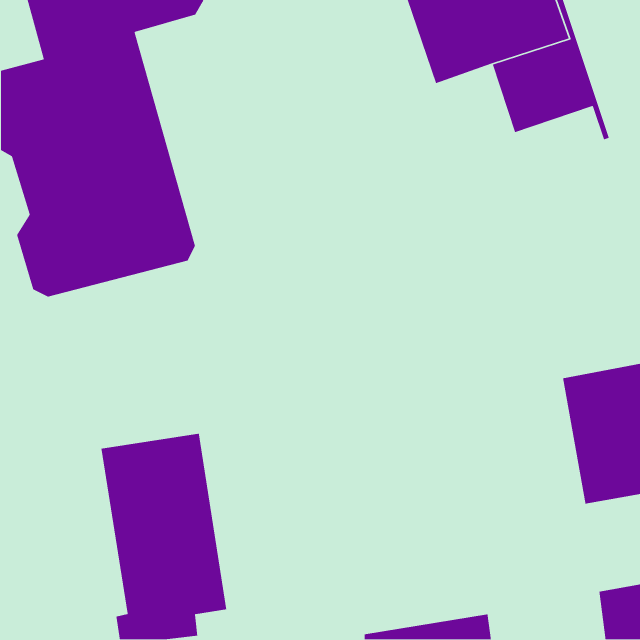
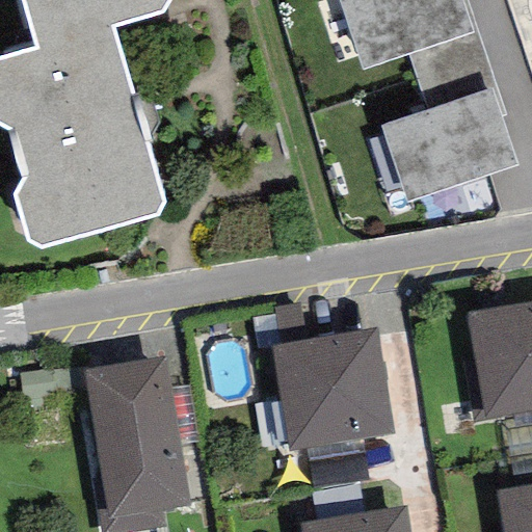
building: none -> [381,88,517,202]
building: none -> [273,327,392,450]

